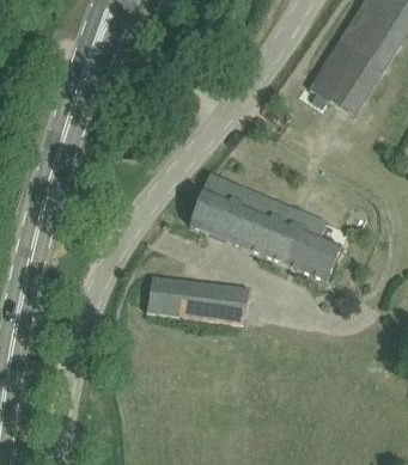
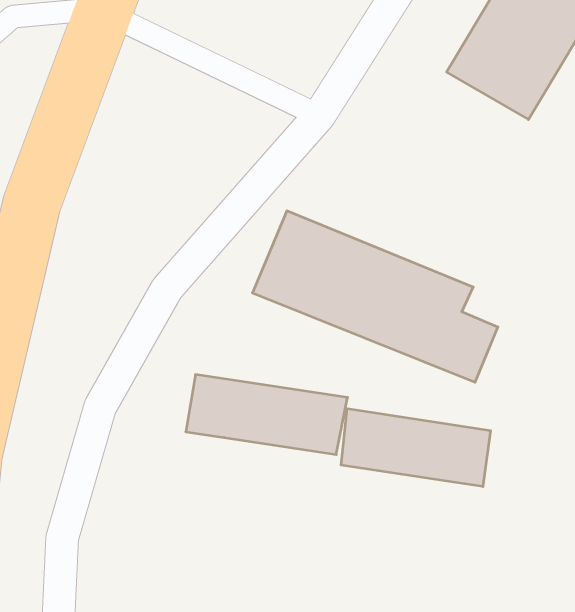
building: none -> [341,409,491,487]

